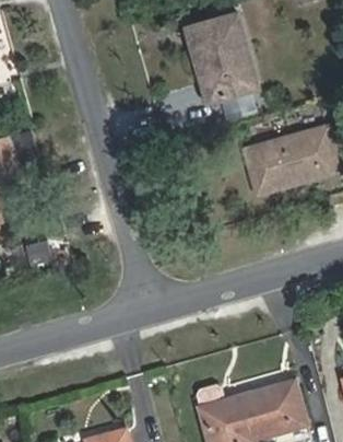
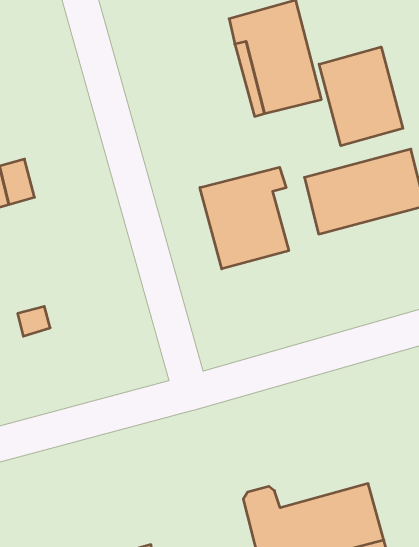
building: none -> [319,47,403,146]
building: none -> [200,167,289,269]

